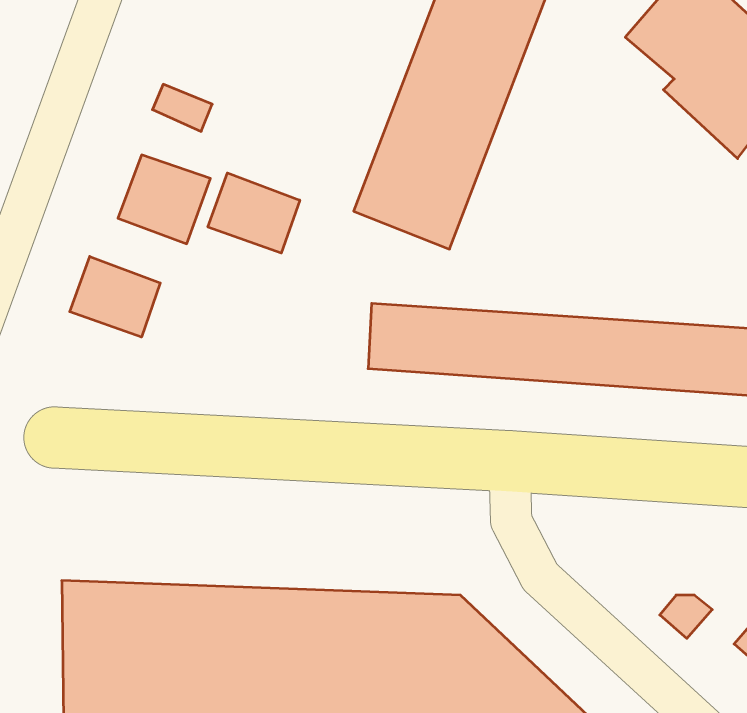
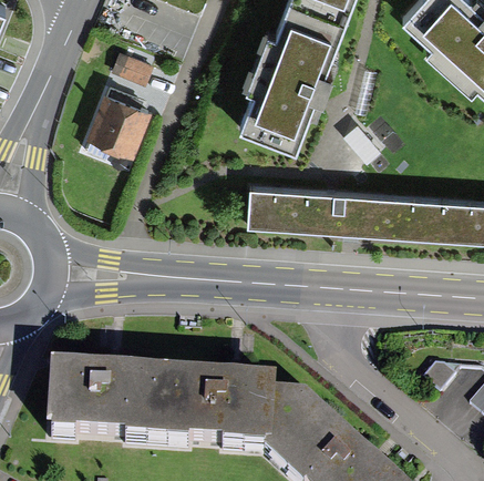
building: [208,173,300,253] -> none
building: [70,256,160,337] -> none

